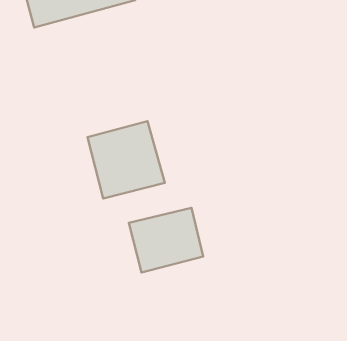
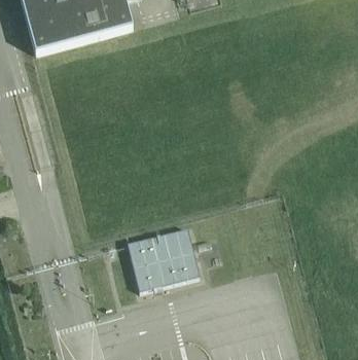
building: [88,121,165,198] -> none

